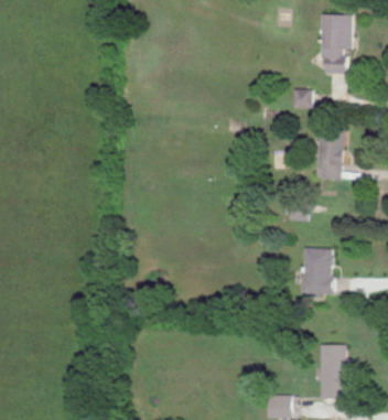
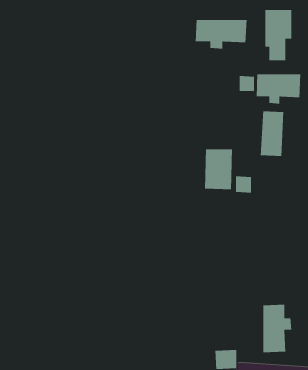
building: none -> [195,19,247,49]
building: none -> [256,74,301,104]
building: [301,248,333,294] -> [204,149,233,190]

